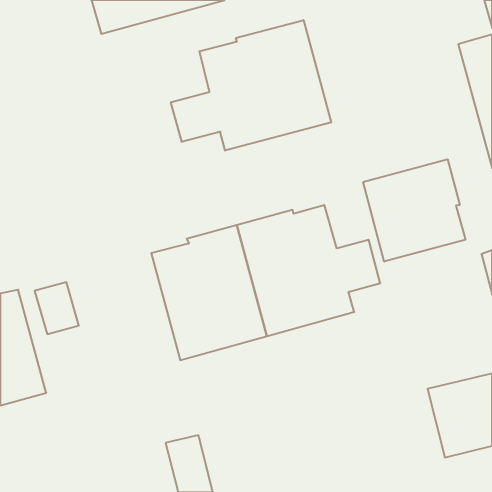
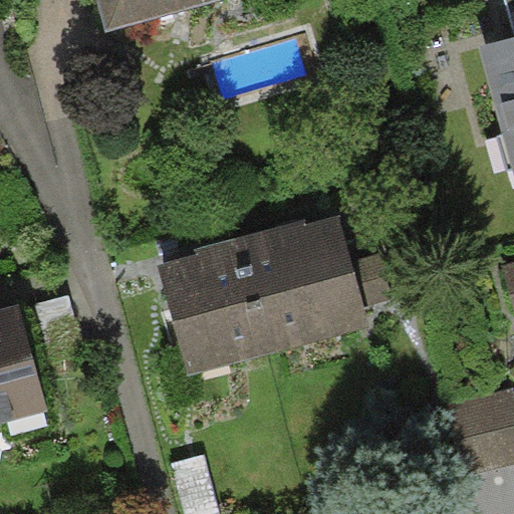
building: [171,20,331,151] -> none
building: [363,159,465,262] -> none

